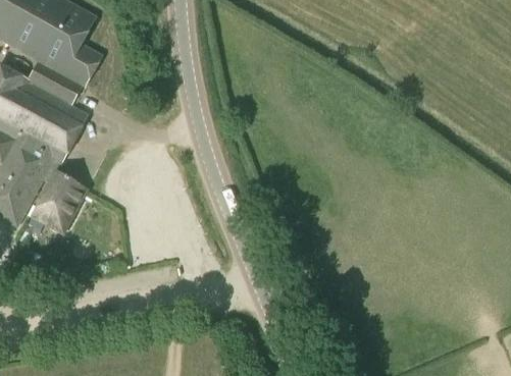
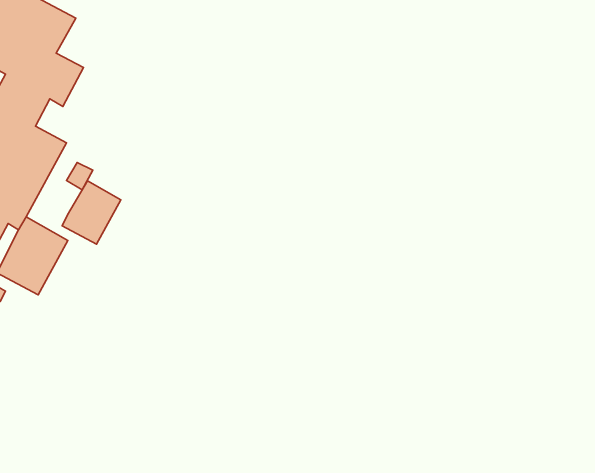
building: none -> [62,181,121,244]

